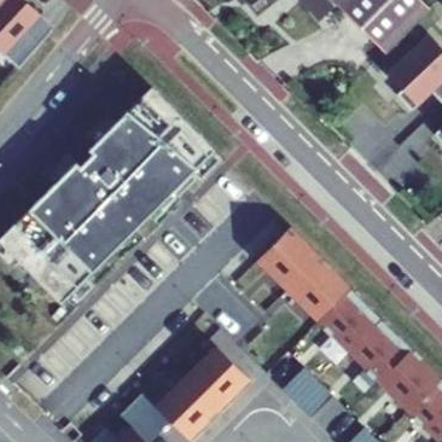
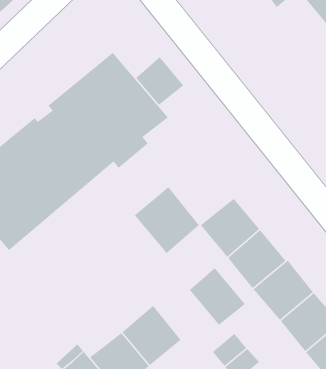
building: none -> [135,56,184,106]
building: none -> [134,186,200,254]
building: none -> [189,267,246,326]

